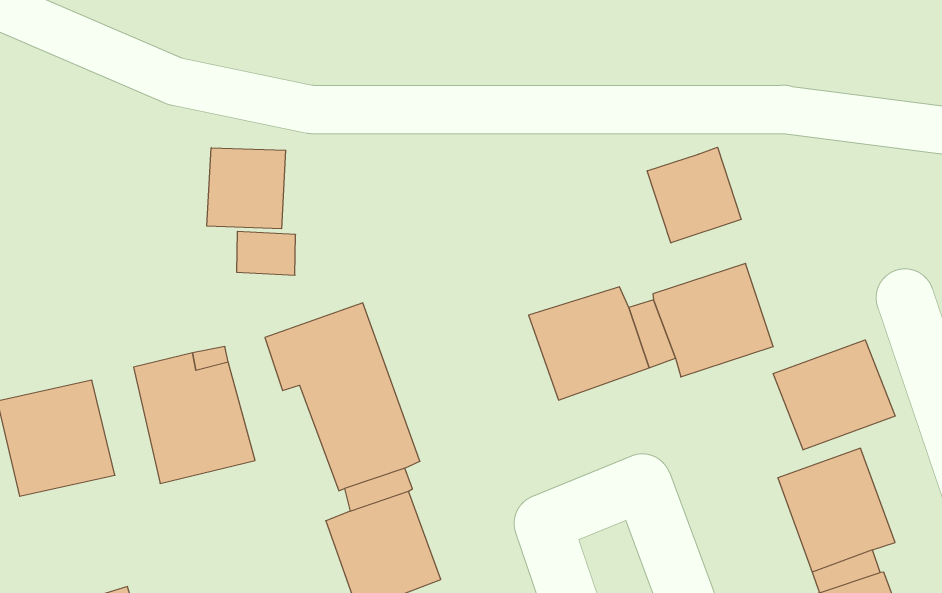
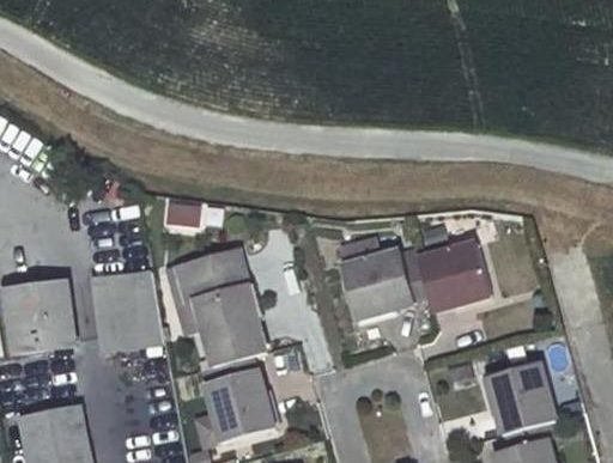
building: [647,147,741,243] -> none
building: [207,148,286,229] -> none
building: [773,340,895,450] -> none

